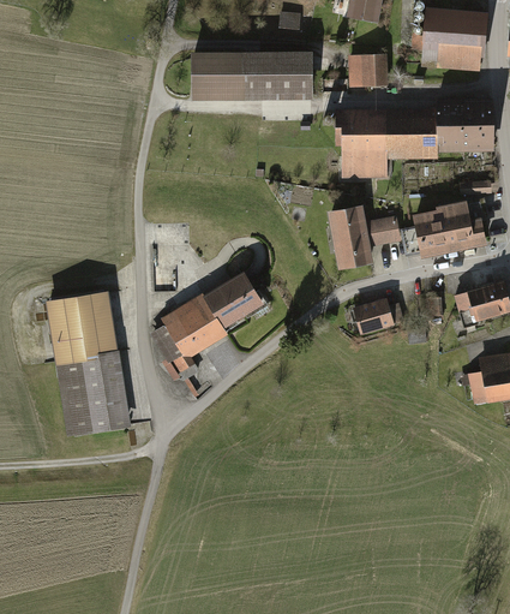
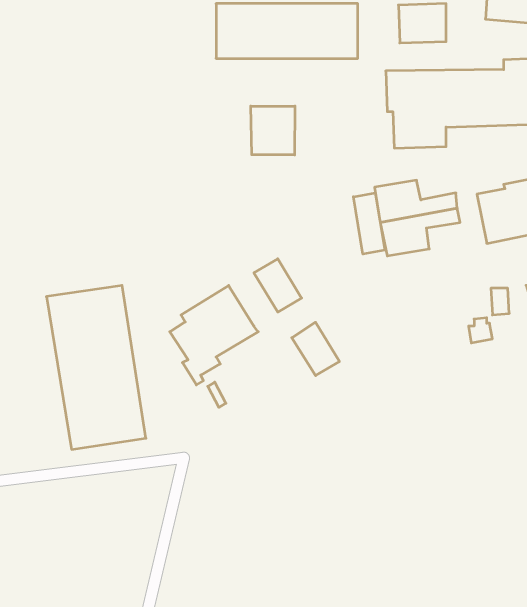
building: none -> [251,106,295,155]
building: none -> [353,193,385,254]
building: [203,284,244,329] -> [292,322,339,376]
building: [353,298,402,334] -> none

